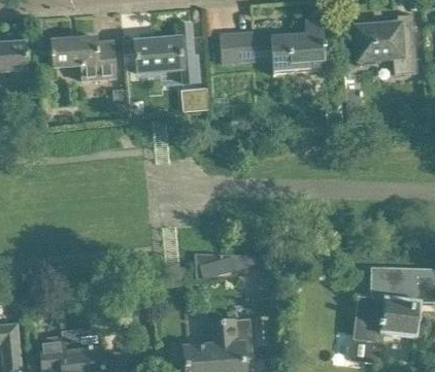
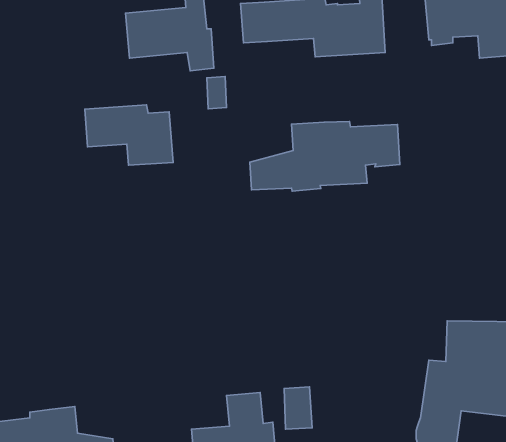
building: [51,36,115,80] -> [85,105,173,165]
building: none -> [250,121,400,191]
building: [195,252,259,281] -> none

